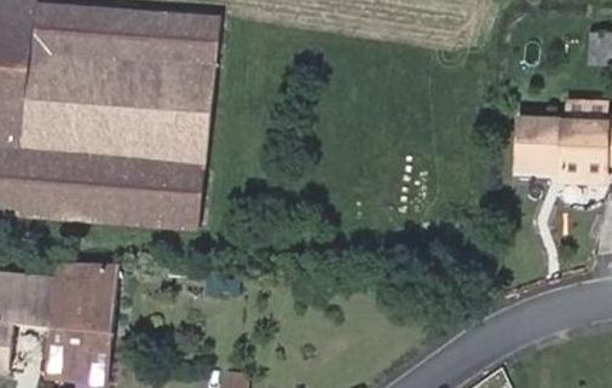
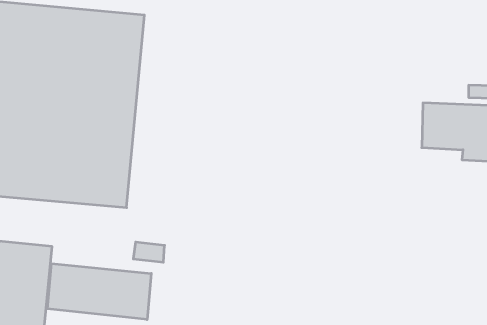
building: none -> [47,264,151,320]

